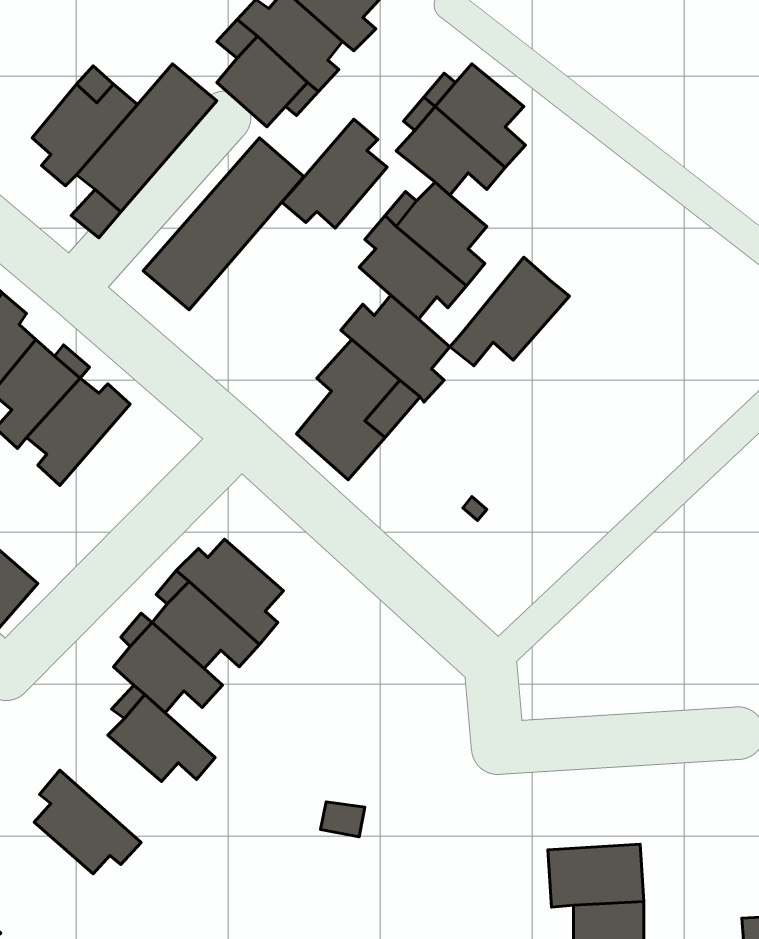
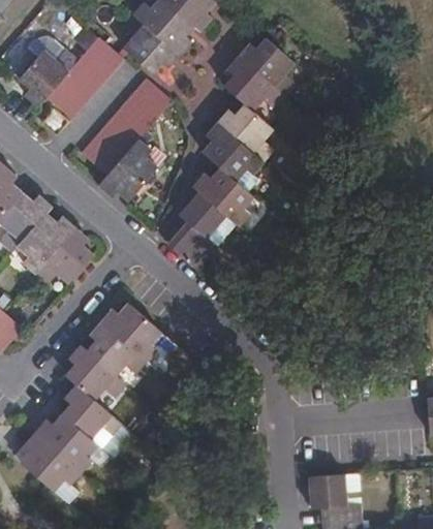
building: [282,119,387,228] -> [97,138,156,199]
building: [450,257,570,366] -> none
building: none -> [34,227,91,283]
building: none -> [34,412,95,472]

